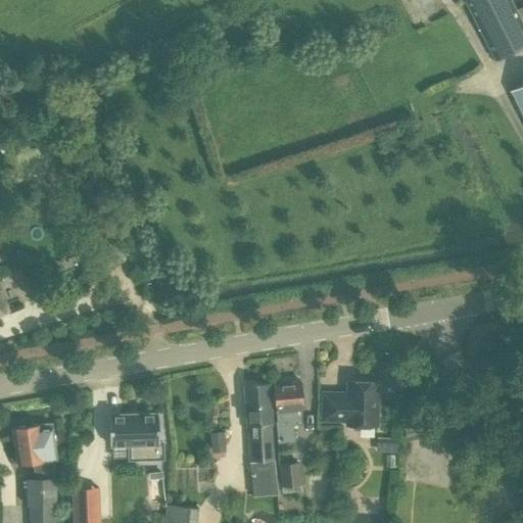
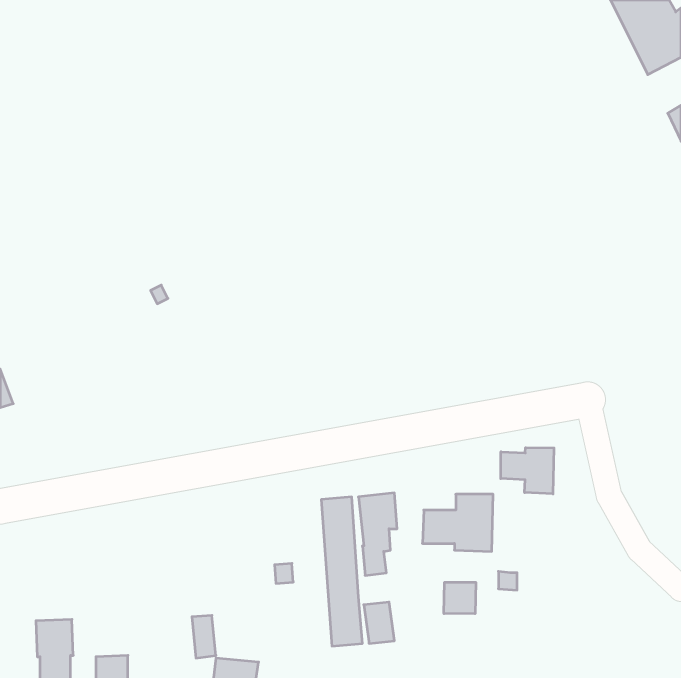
building: none -> [501,448,554,494]
building: [108,416,162,462] -> none
building: [14,422,57,464] -> none
building: none -> [444,582,476,614]

